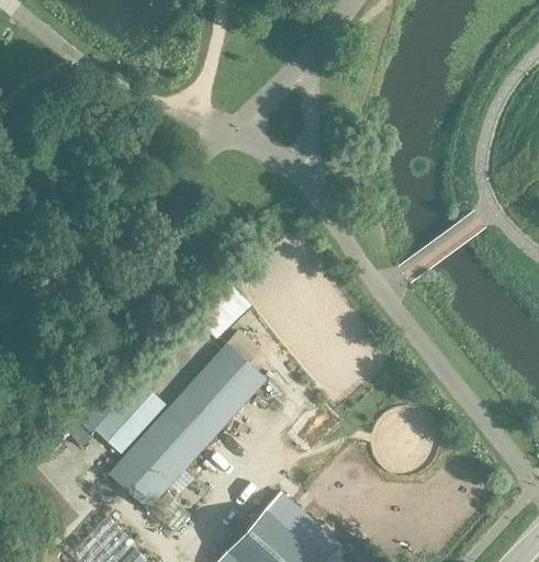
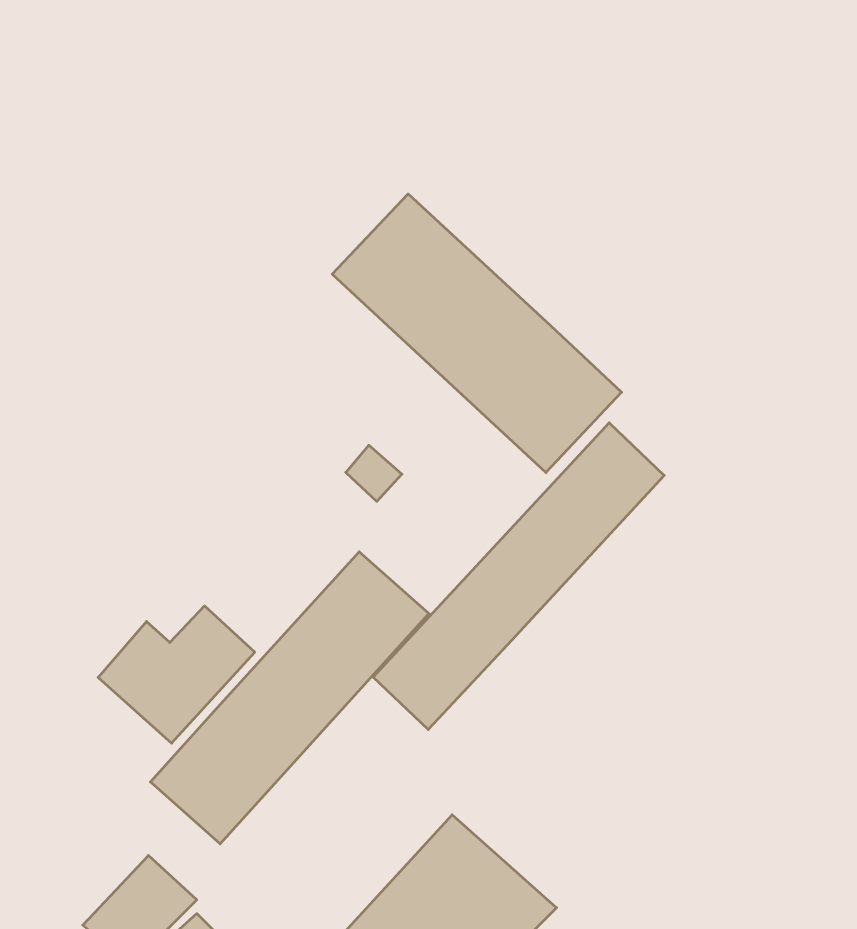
building: none -> [332,194,622,473]
building: none -> [373,423,664,730]

